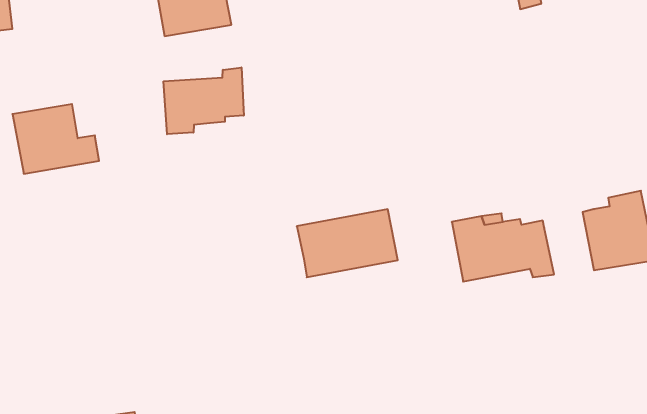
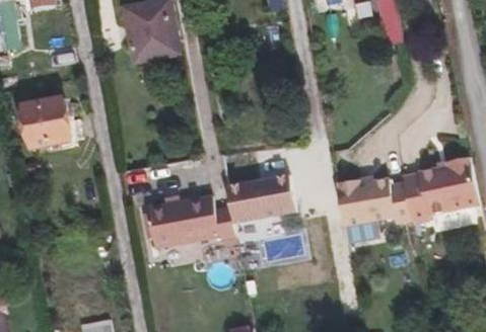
building: [164,67,244,134] -> none
building: none -> [402,175,437,228]
building: none -> [149,197,235,248]

